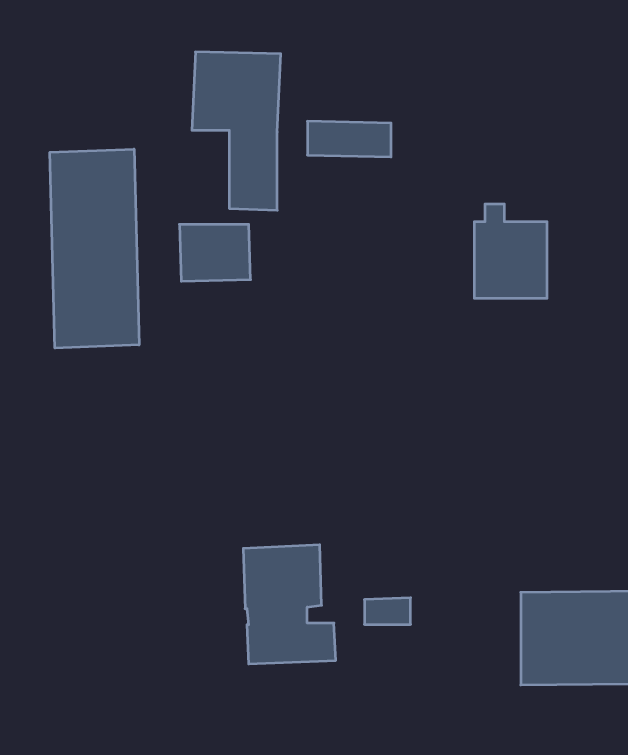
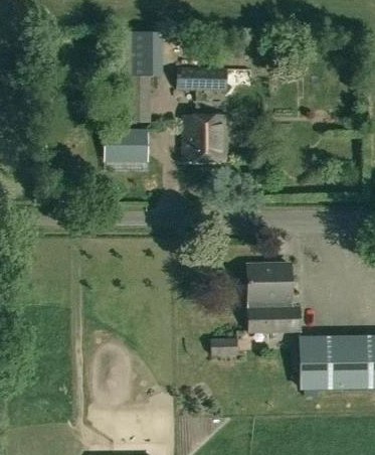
building: [50,149,139,348] -> none
building: [474,204,547,298] -> [184,107,225,160]
building: [243,545,336,664] -> [247,263,300,330]

